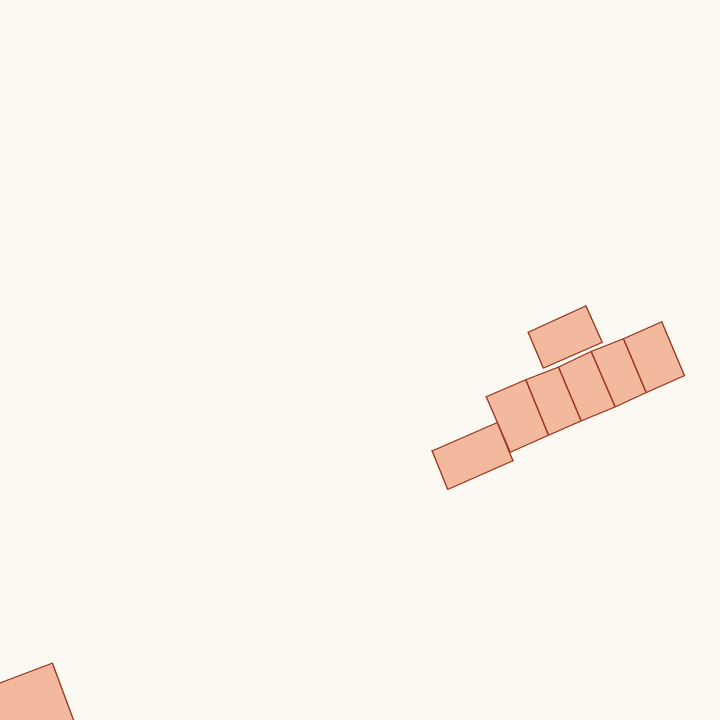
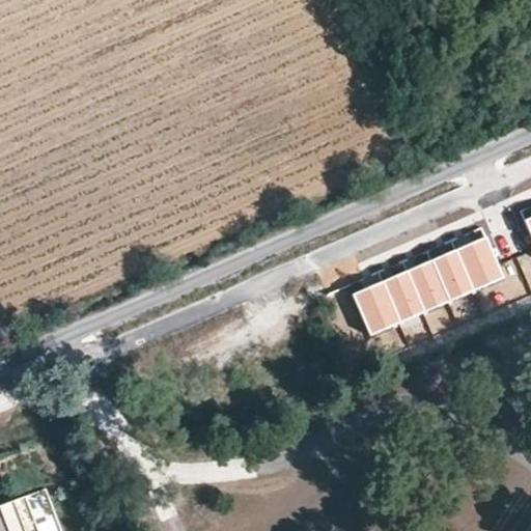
building: [528,306,602,368] -> none
building: [432,422,513,489] -> none

